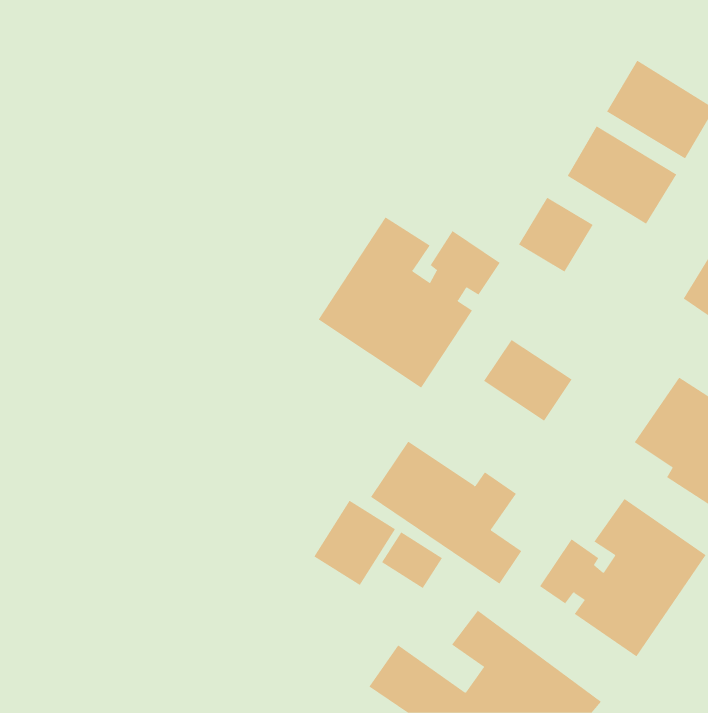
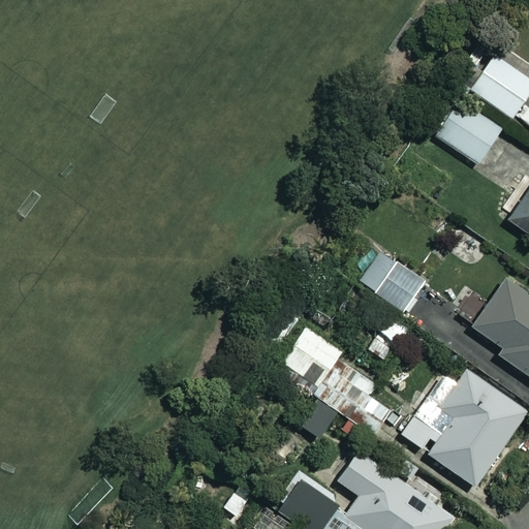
building: [518,197,593,273] -> none
building: [318,217,500,388] -> none
building: [313,500,396,586] -> none

